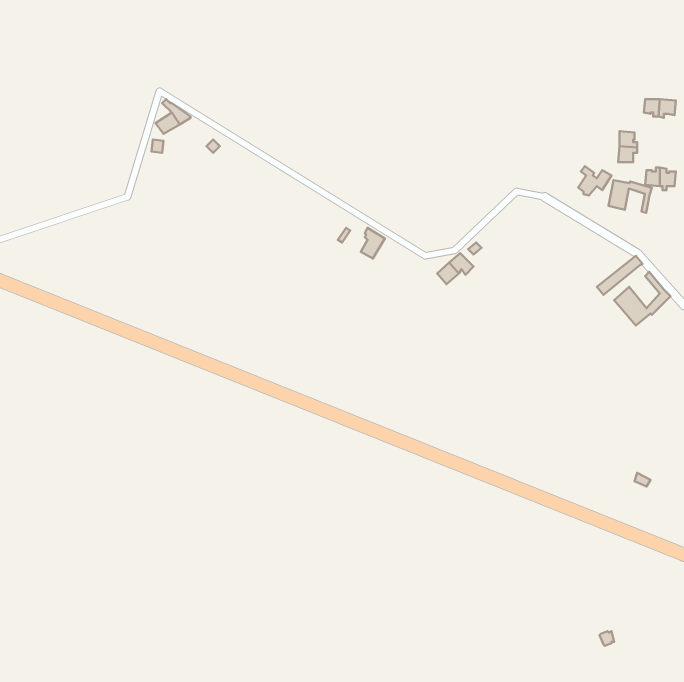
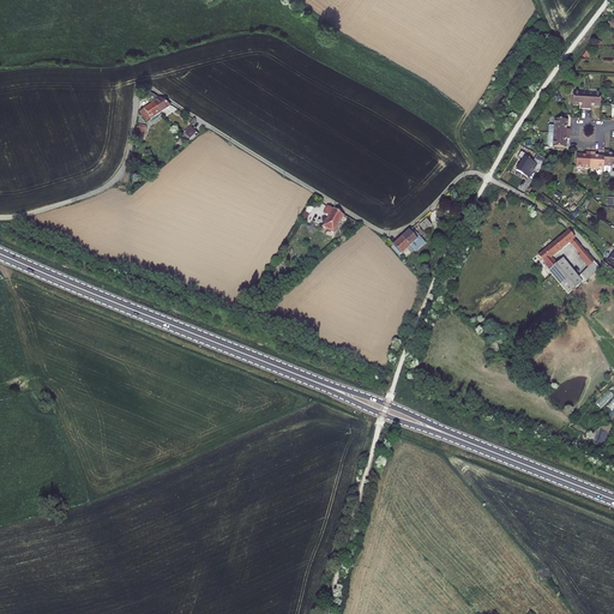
building: [608,180,652,213] -> none

